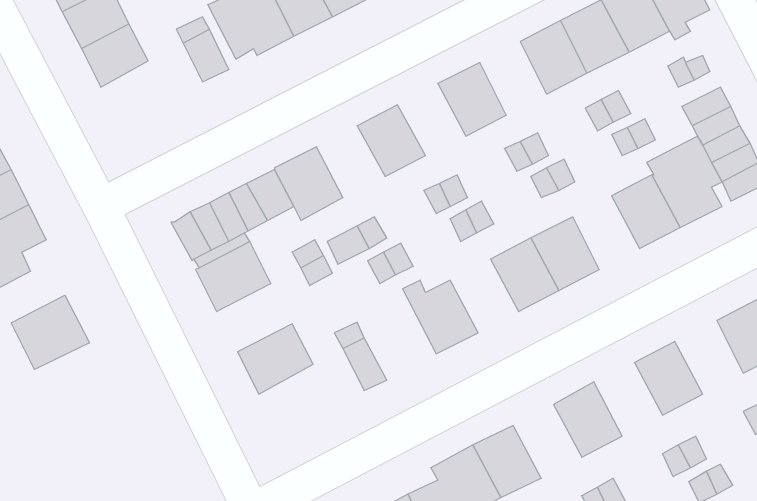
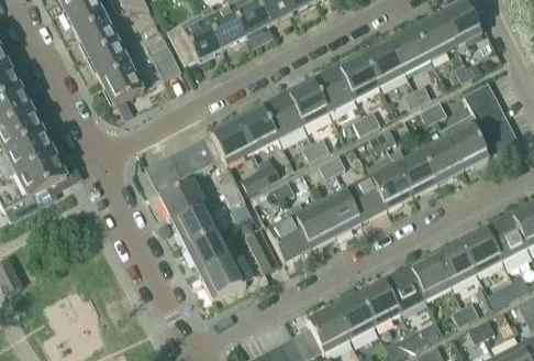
building: none -> [336,53,378,99]
building: none -> [99,65,142,106]
building: none -> [285,79,327,124]
building: none -> [234,106,277,151]
building: none -> [389,149,436,196]
building: none -> [318,189,360,236]
building: none -> [171,205,219,248]
building: none -> [267,208,309,262]
building: [11,295,90,369] -> none
building: none -> [458,228,501,274]
building: none -> [408,254,450,300]
building: none -> [198,255,245,299]
building: none -> [357,281,400,327]

